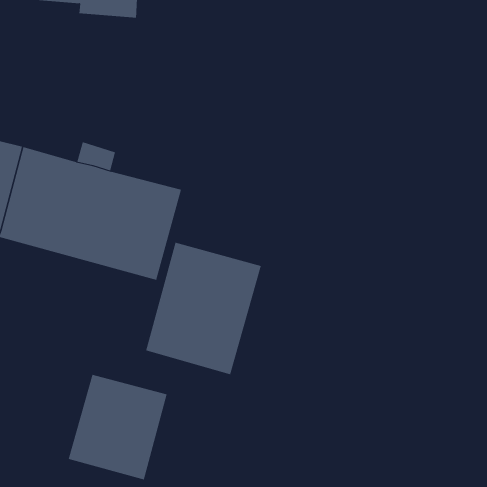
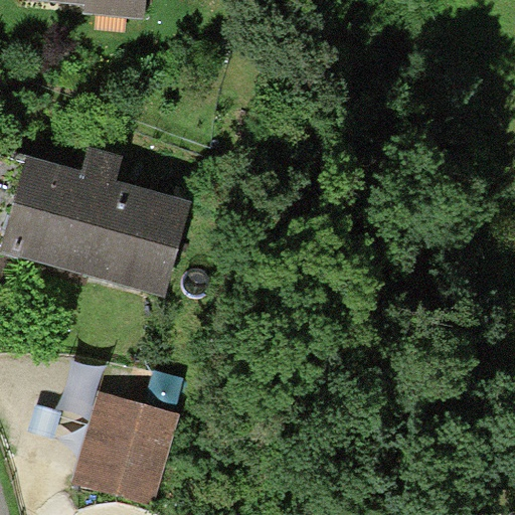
building: [146,242,261,375] -> none

